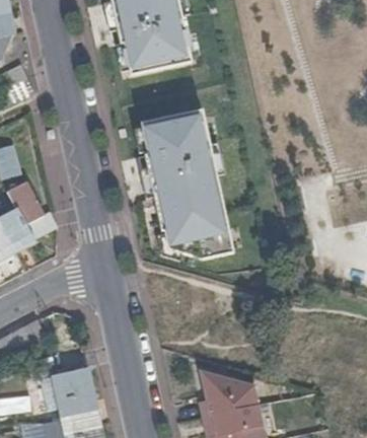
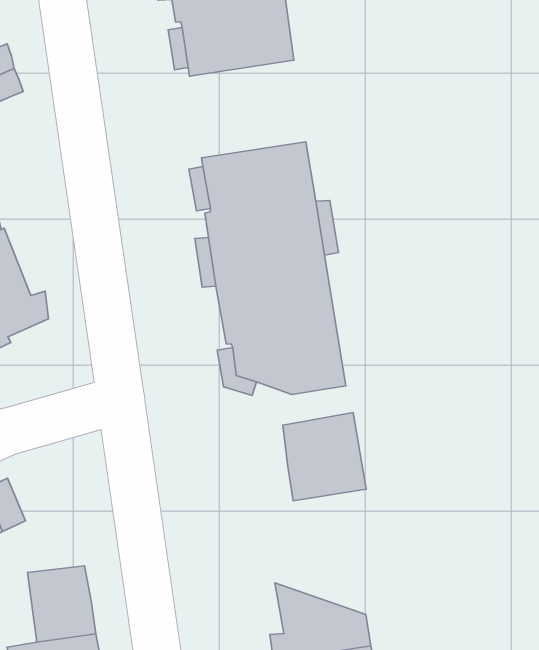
building: none -> [283,412,366,501]

